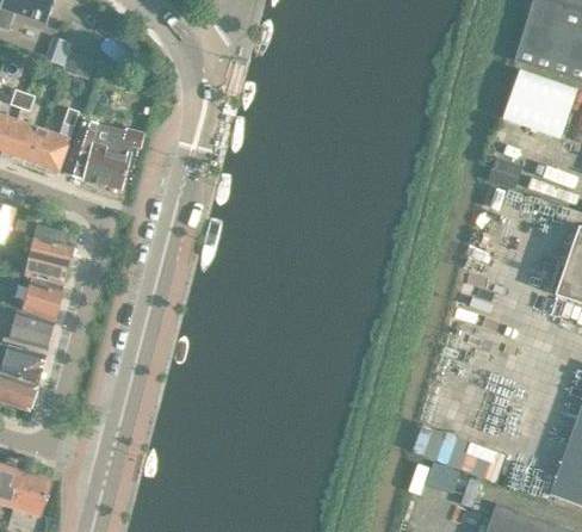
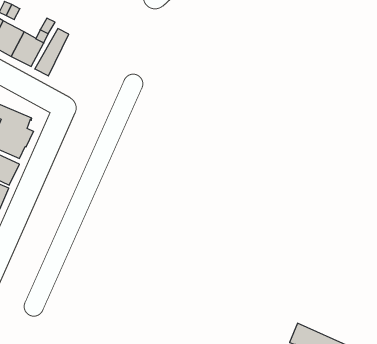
building: [82,129,143,190] -> none

